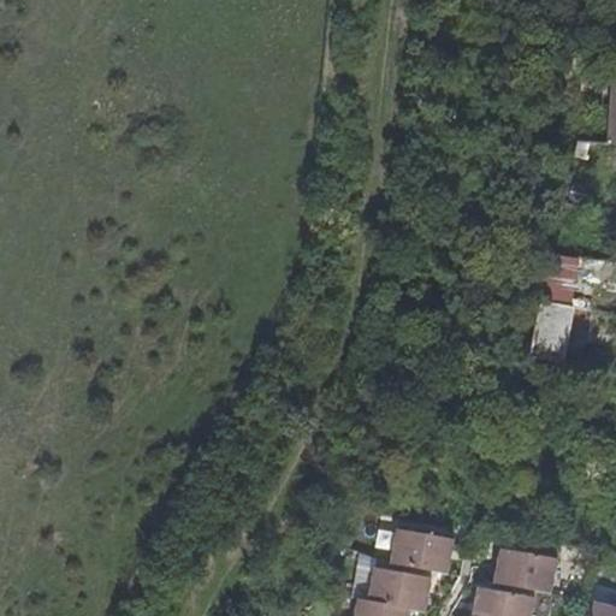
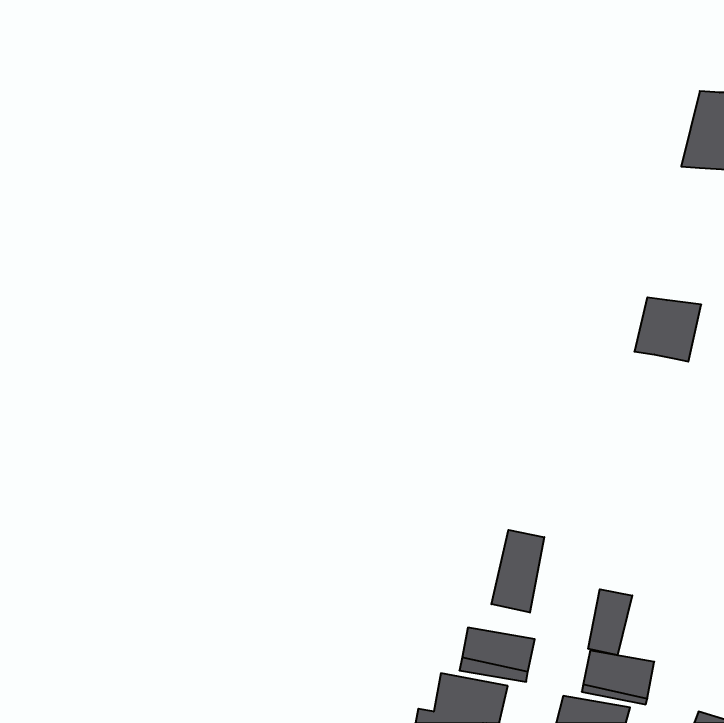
building: [525,297,573,360] -> none
building: none -> [491,530,544,613]
building: none -> [588,589,632,655]

